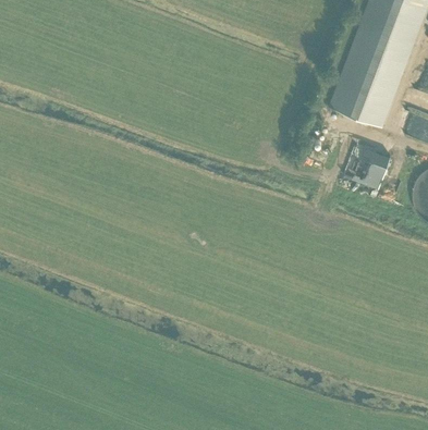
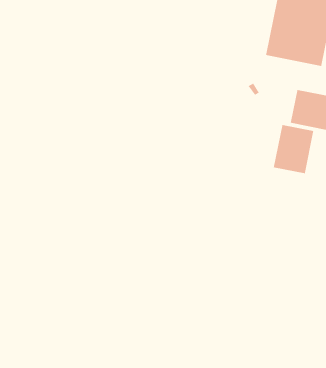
building: none -> [273,124,314,174]

